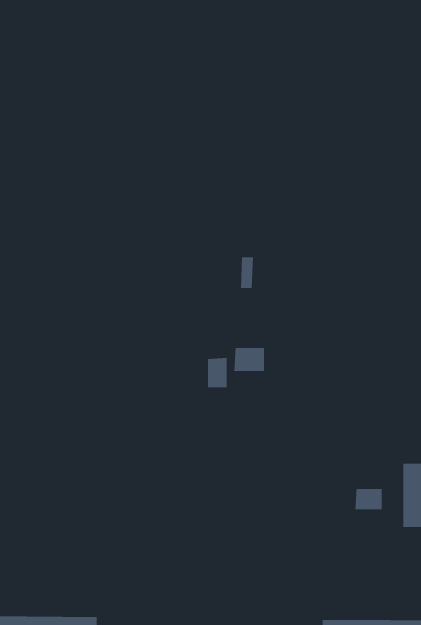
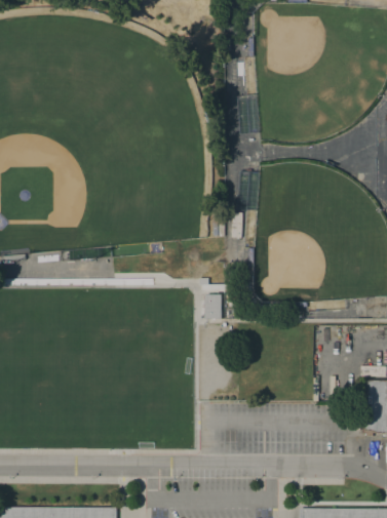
building: [234,347,264,372] -> none
building: [355,488,382,510] -> none

